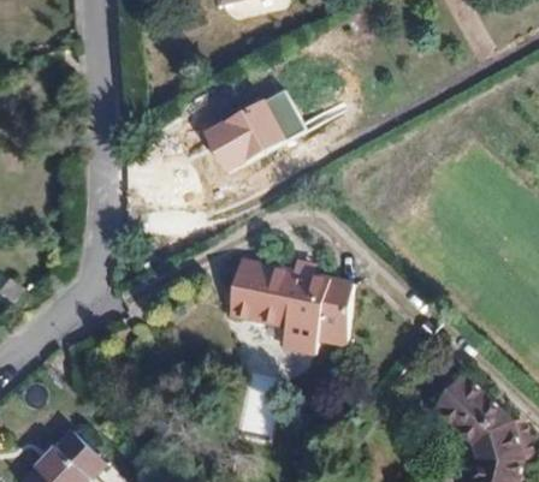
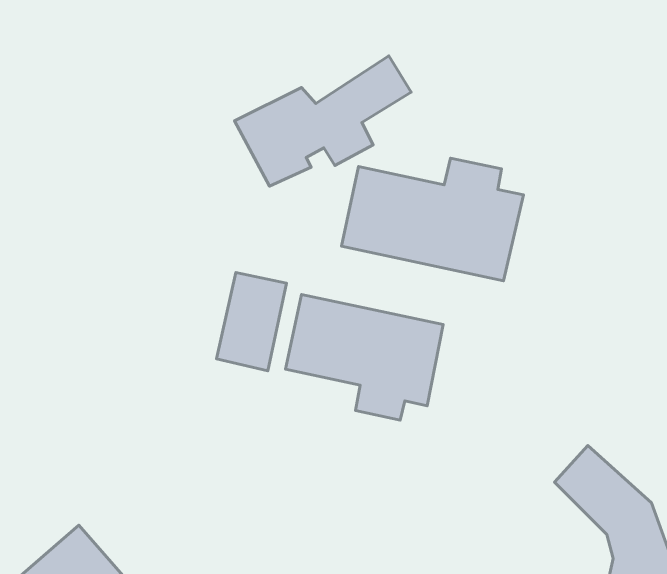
building: none -> [341,158,523,281]
building: none -> [217,273,287,371]

